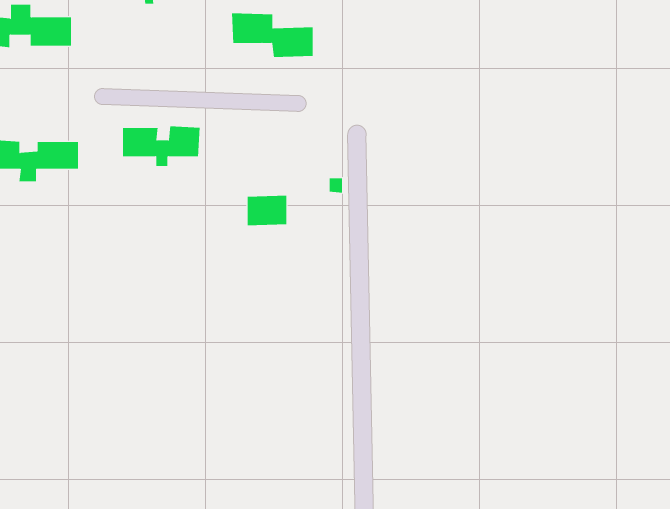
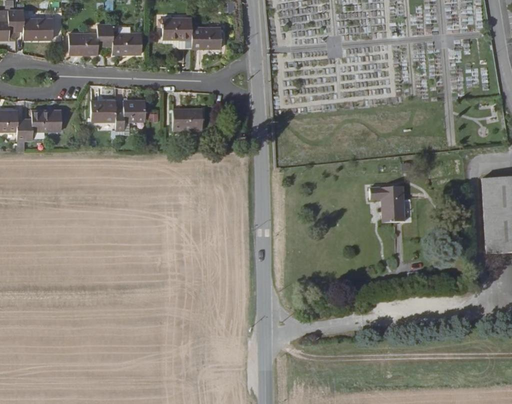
building: none -> [69,25,143,55]
building: [247,195,287,226] -> [173,107,202,129]
building: none -> [371,187,406,222]

